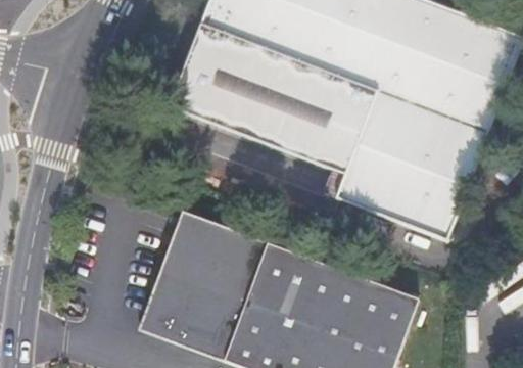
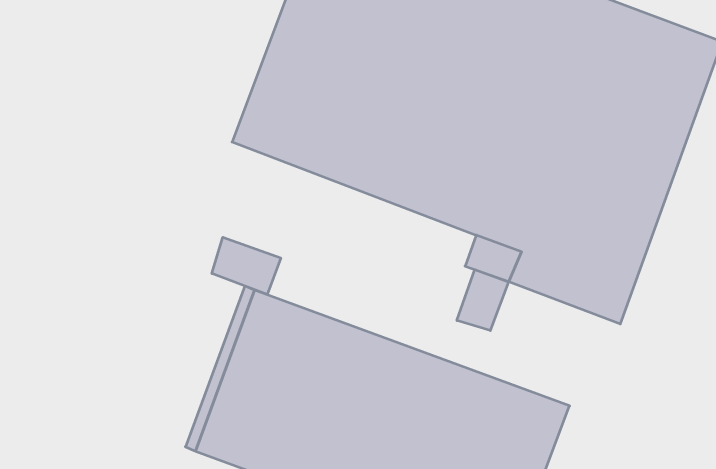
building: none -> [212,237,281,294]
building: none -> [457,270,508,331]

